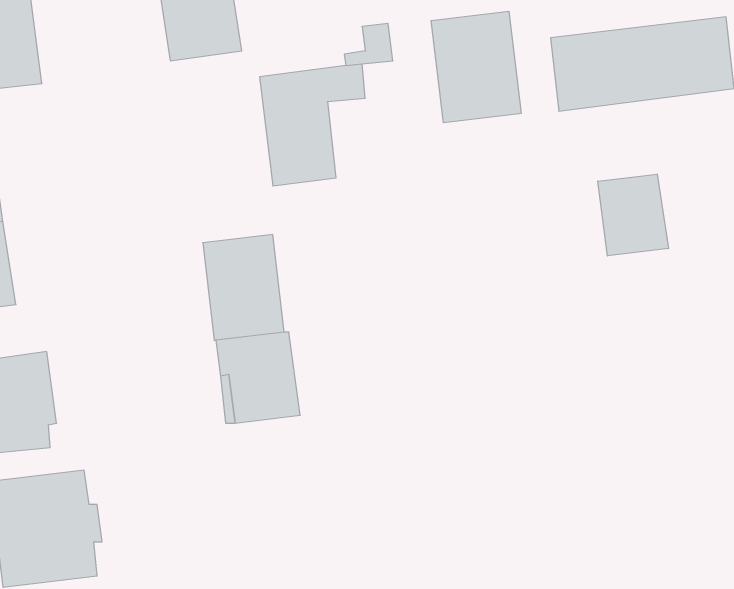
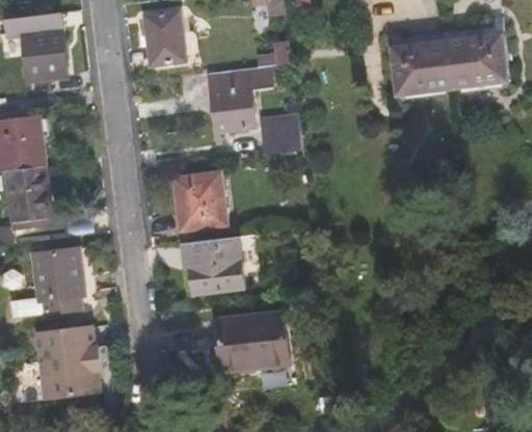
building: [431,11,521,123] -> none
building: none -> [264,114,303,155]
building: [598,174,668,256] -> none
building: none -> [215,313,288,370]

